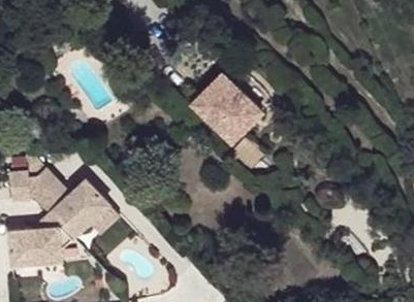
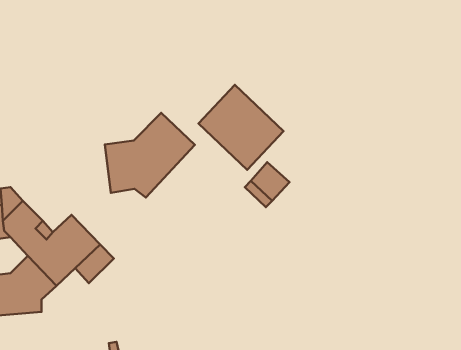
building: none -> [105,113,195,198]

